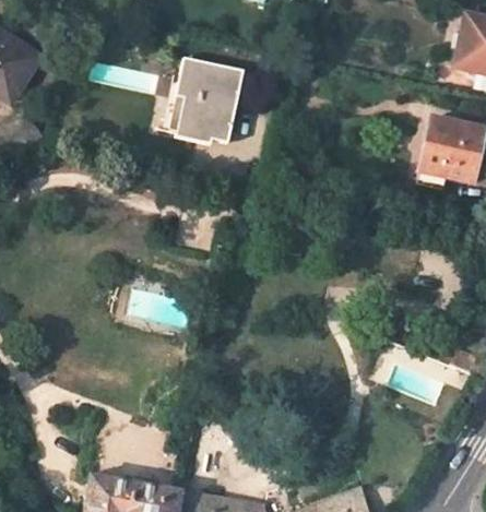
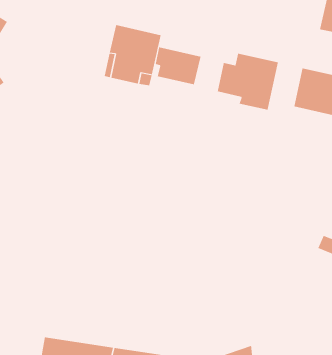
building: none -> [155,47,201,85]
building: none -> [217,53,278,111]

